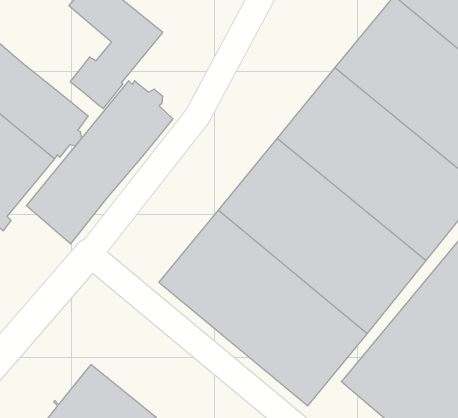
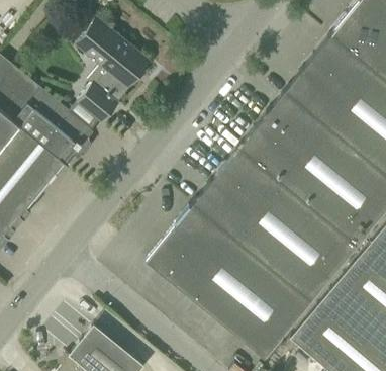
building: [26,81,173,244] -> none

